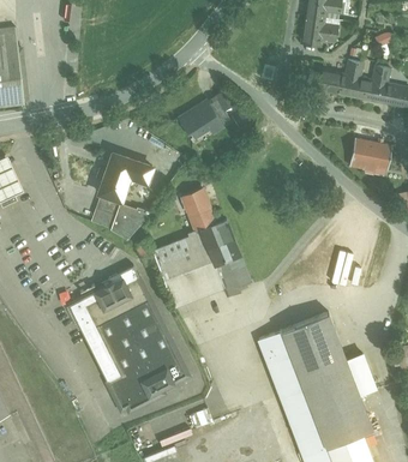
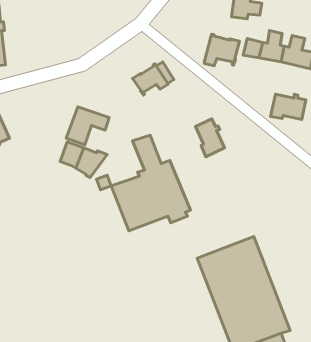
building: none -> [204,34,240,66]
building: none -> [196,119,224,157]
building: [67,265,188,412] -> none

